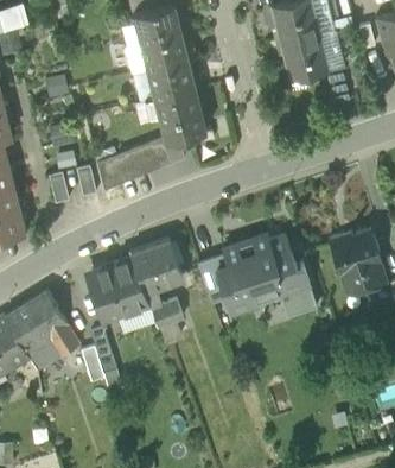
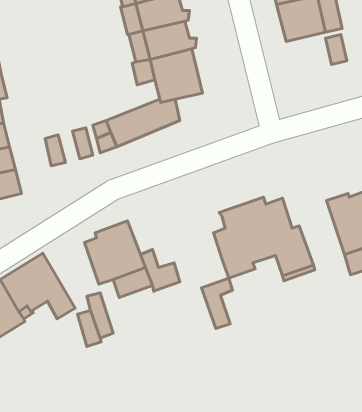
building: [129,239,183,291] -> none
building: [197,253,228,303] -> [201,278,232,329]

